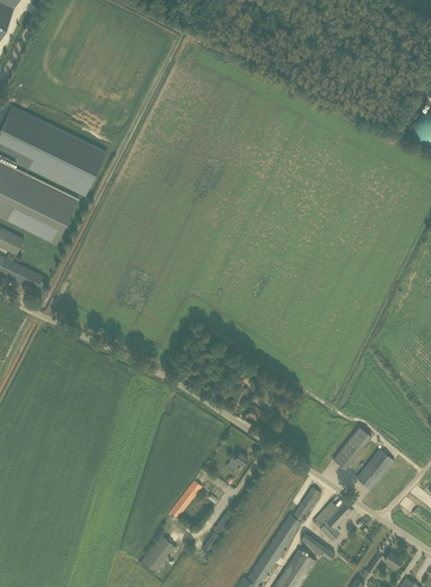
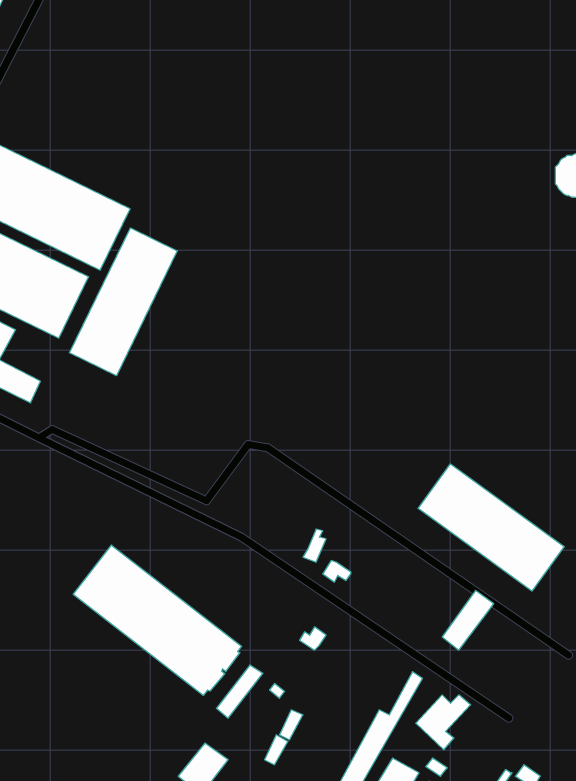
building: none -> [70,228,177,376]
building: none -> [418,464,564,591]
building: none -> [73,545,242,695]
building: [356,447,393,489] -> none

